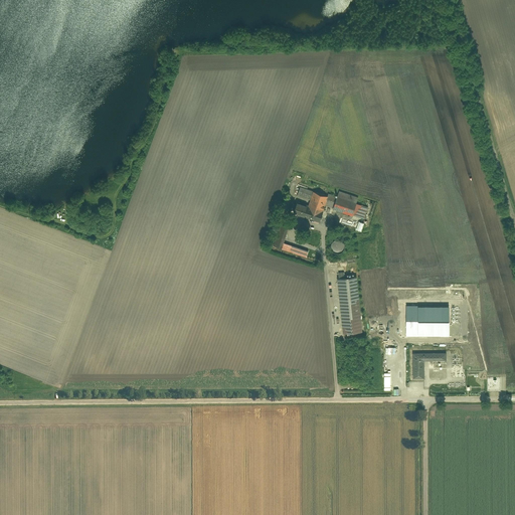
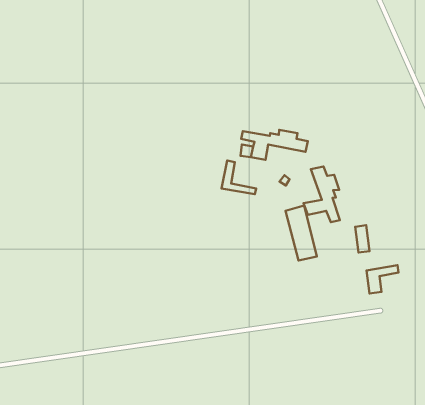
building: none -> [303,167,340,222]
building: [418,307,449,335] -> none

